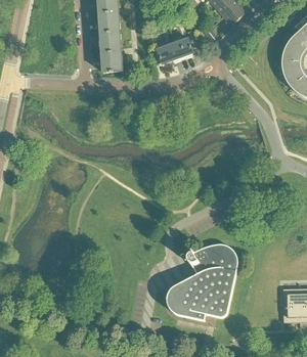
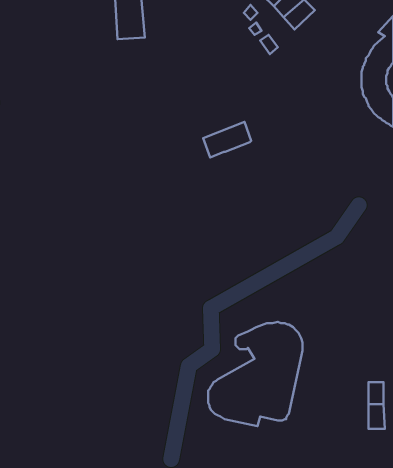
building: [99,31,122,72] -> none
building: [157,37,192,63] -> [203,122,251,157]

